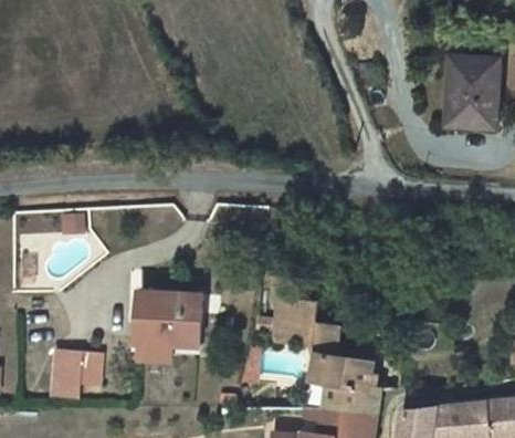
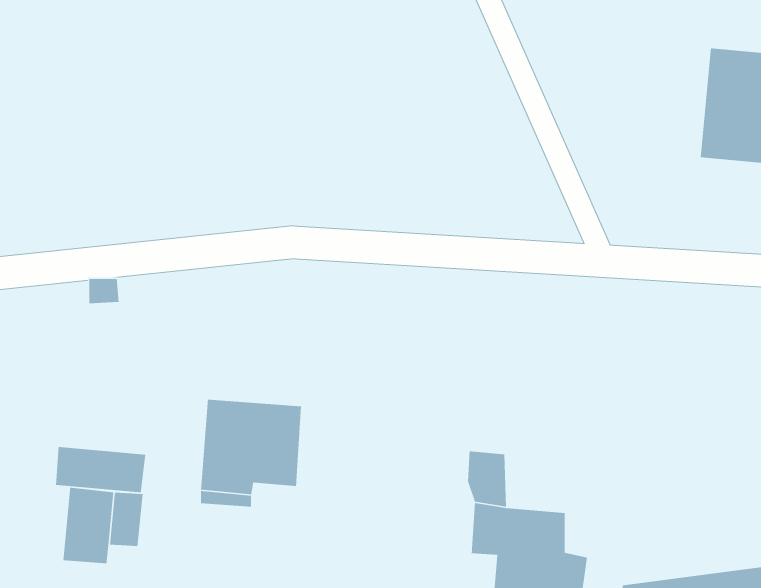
building: [265,296,307,344] -> none
building: none -> [55,446,146,493]

